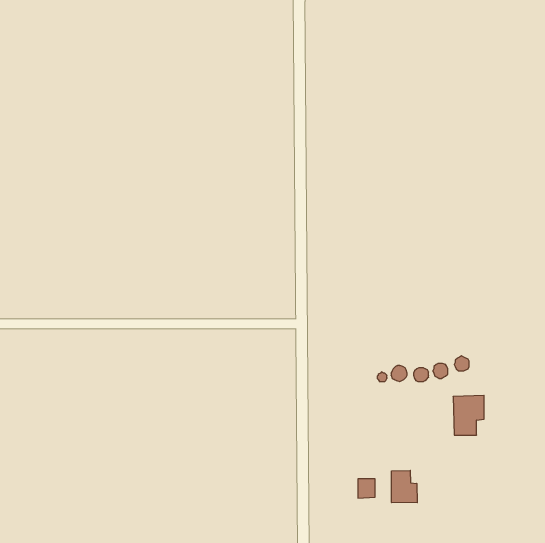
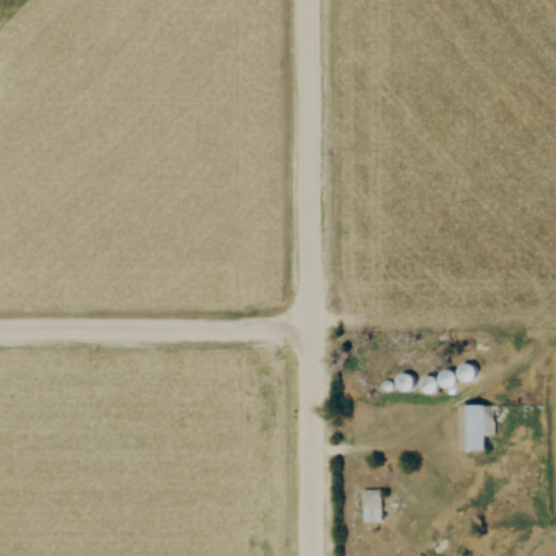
building: [392,470,417,503] -> none

